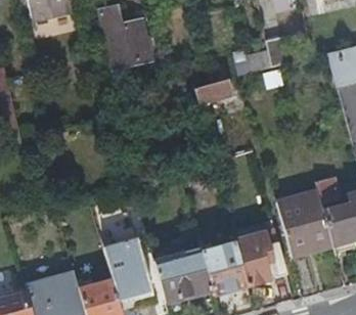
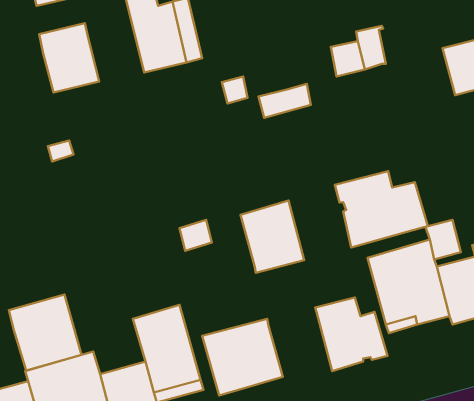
building: none -> [39,23,99,92]
building: none -> [335,171,428,247]
building: none -> [9,295,82,370]
building: [202,241,248,294] -> [240,201,304,273]

